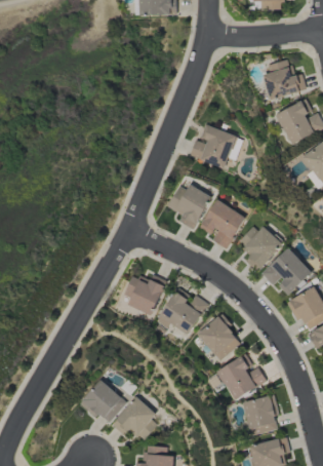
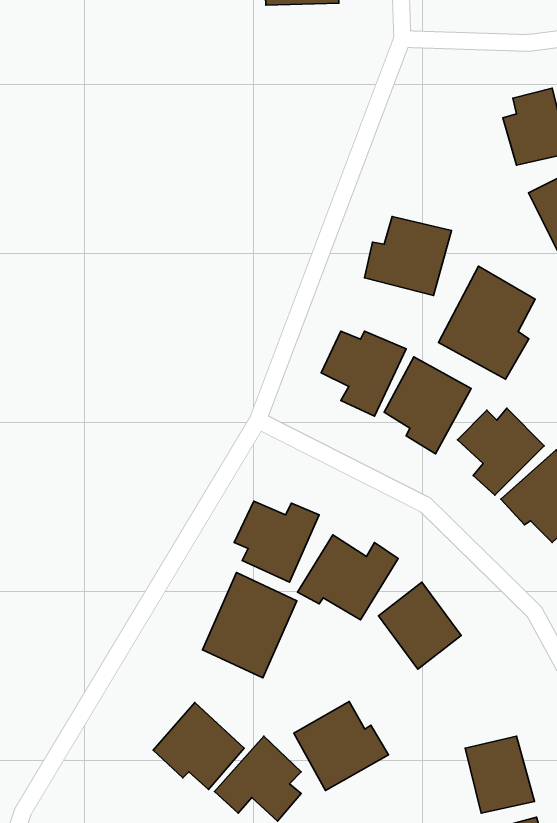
building: none -> [438,266,535,379]
building: none -> [202,573,297,678]
building: [216,354,266,400] -> [294,702,389,791]

